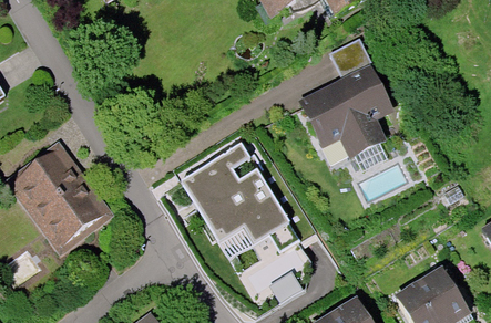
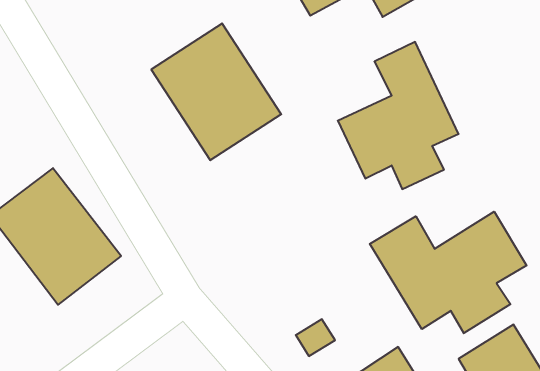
building: [176,138,286,253] -> [151,23,281,160]
building: none -> [370,212,527,333]

